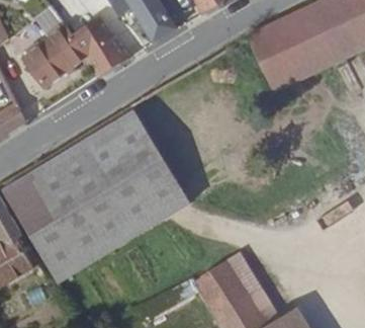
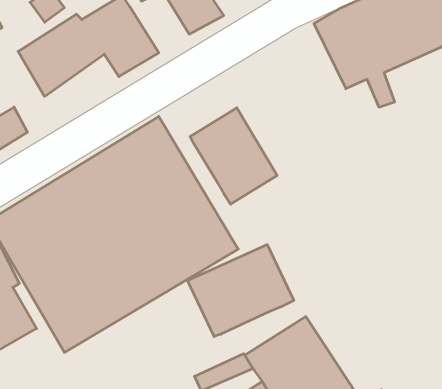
building: none -> [190,108,277,204]
building: none -> [188,245,294,337]

